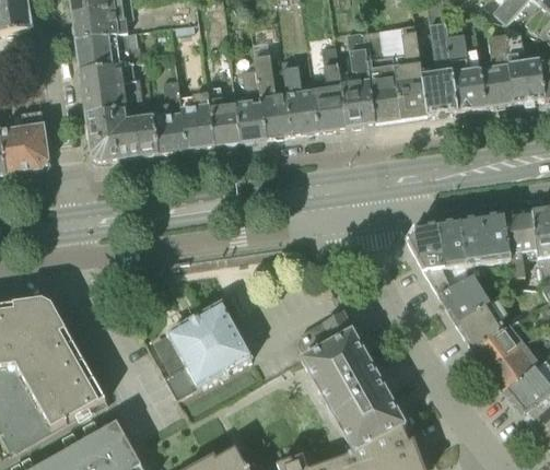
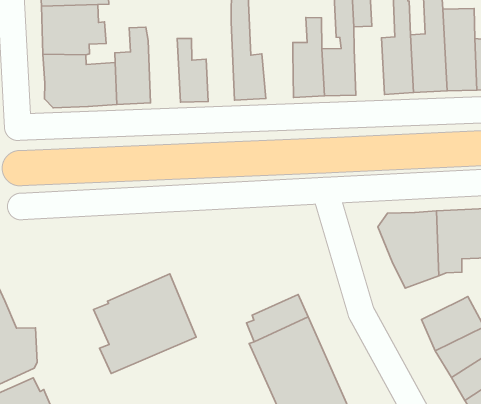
building: [280,48,319,134] -> none
building: [236,68,266,142] -> none
building: [371,69,402,124] -> none
building: [182,87,217,149] -> none
building: [438,278,490,322] -> none

